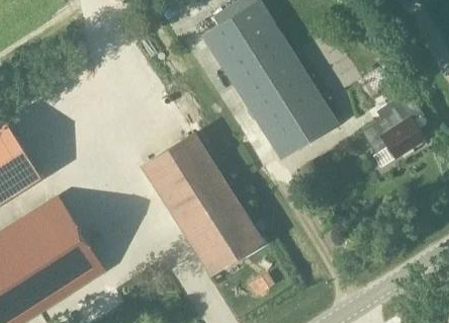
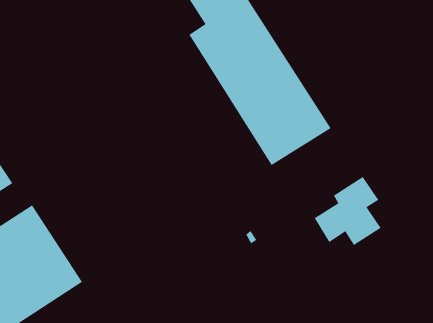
building: [359,96,423,162] -> [314,176,381,246]
building: [143,134,261,270] -> none

